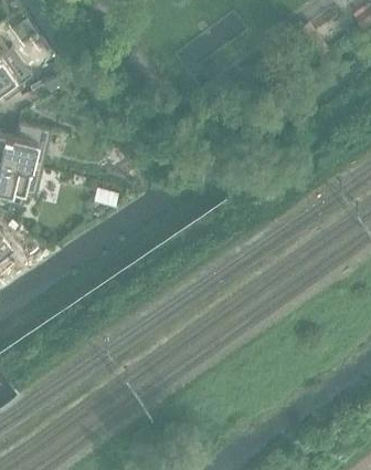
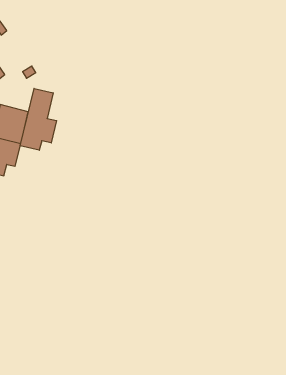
building: none -> [20,88,57,150]

